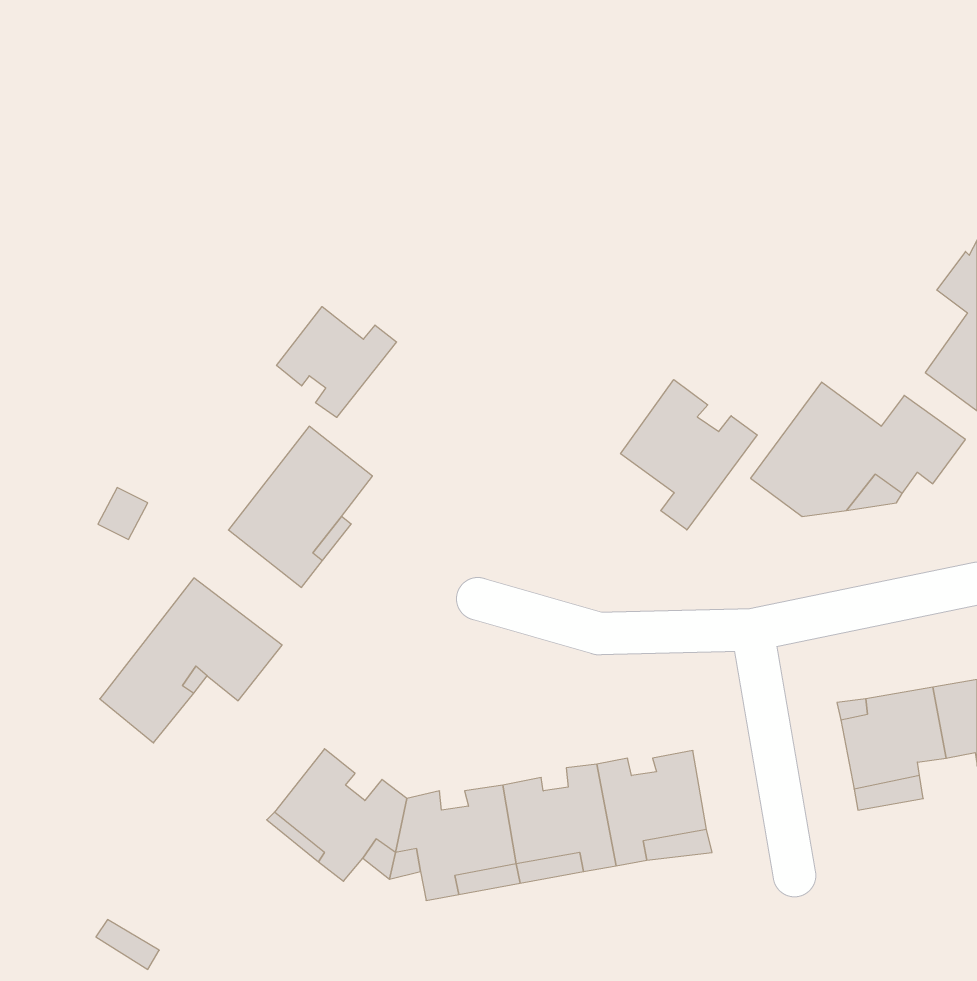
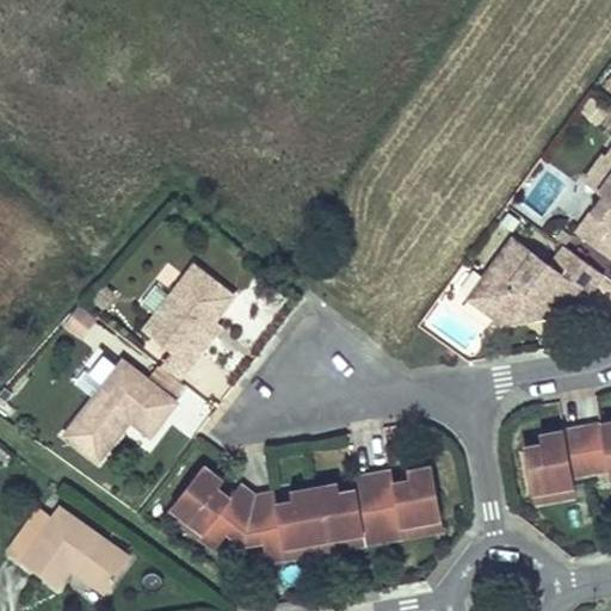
building: [277,307,397,417] -> none
building: [621,380,757,530] -> none
building: none -> [8,507,131,592]

